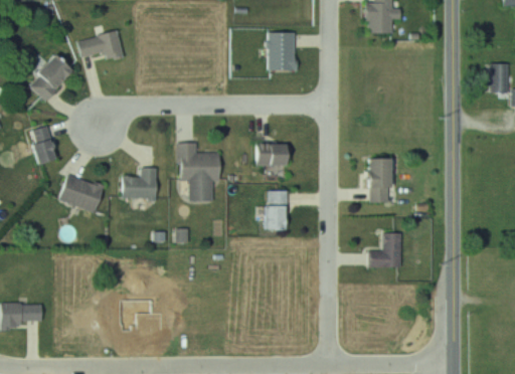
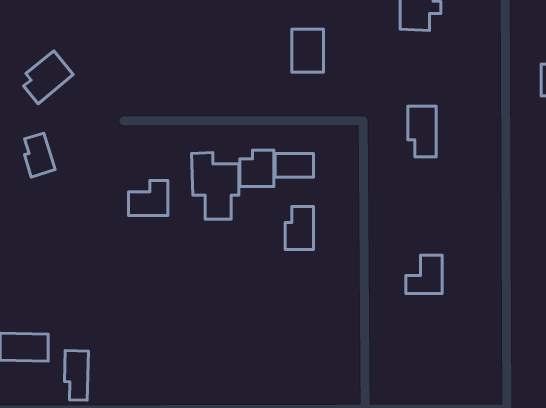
building: [76,31,123,61] -> none
building: none -> [240,150,274,187]
building: [364,158,389,203] -> [408,106,436,157]
building: [57,173,106,213] -> none
building: none -> [64,350,88,400]

